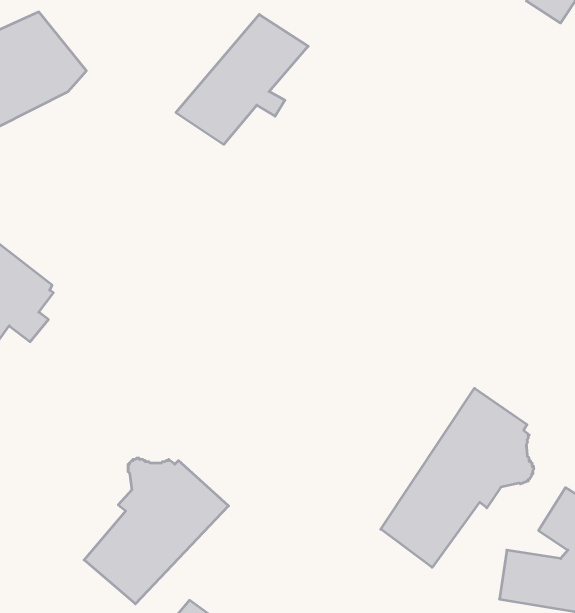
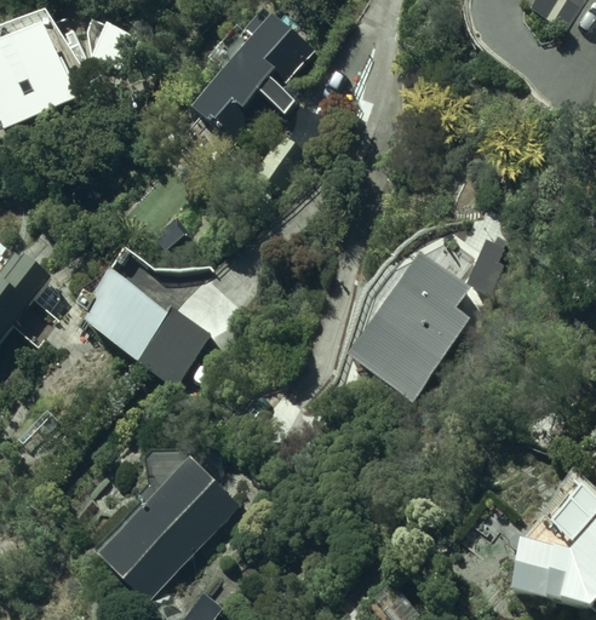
building: none -> [345,248,493,398]
building: none -> [93,280,216,384]
building: [381,388,534,567] -> none

